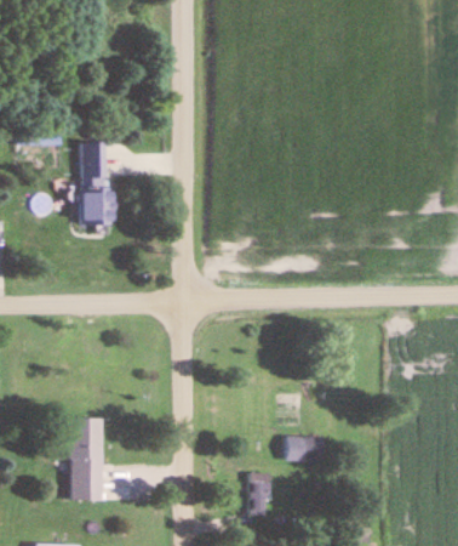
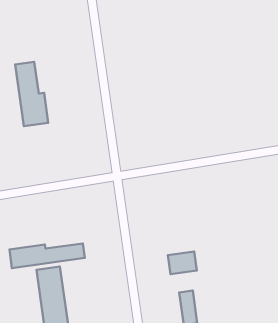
building: none -> [9,243,85,268]
building: [287,436,322,461] -> [168,252,197,274]

